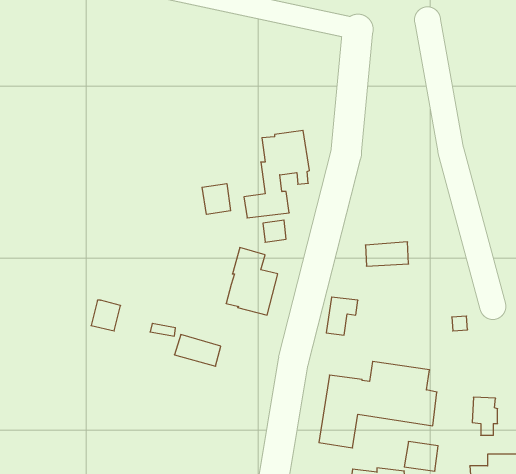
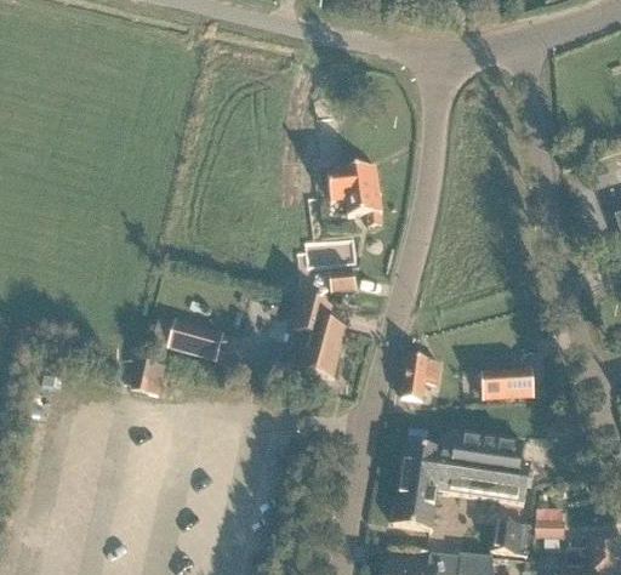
building: [202,184,231,214] -> none
building: [365,242,409,266] -> [483,369,532,397]
building: [174,335,221,366] -> [169,321,222,358]
building: [472,397,498,435] -> [535,507,564,551]

